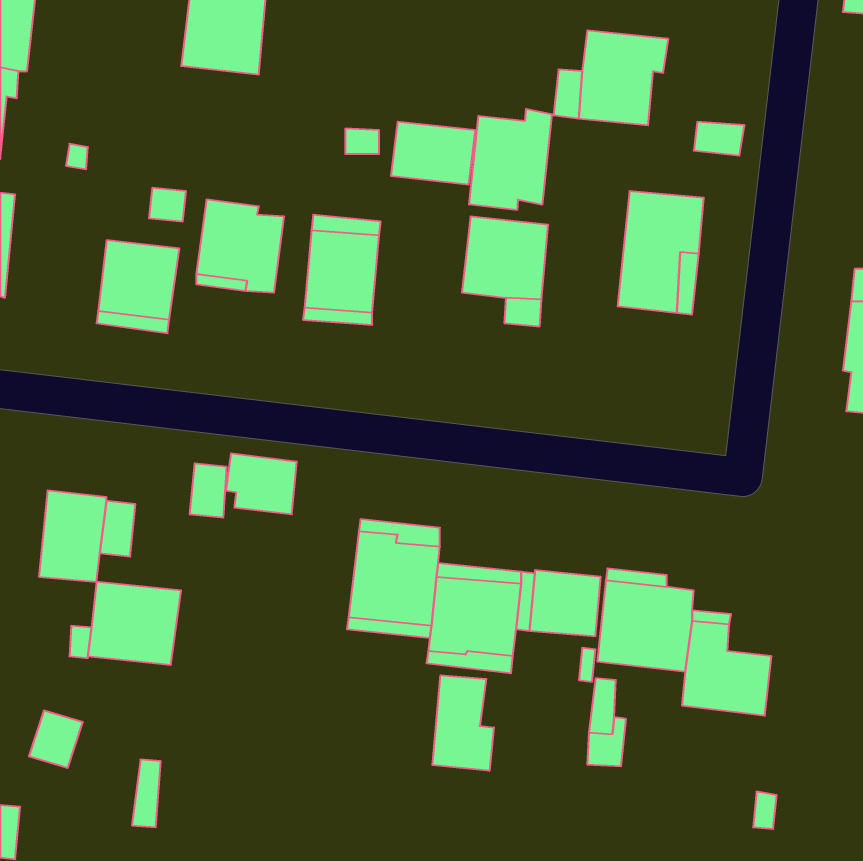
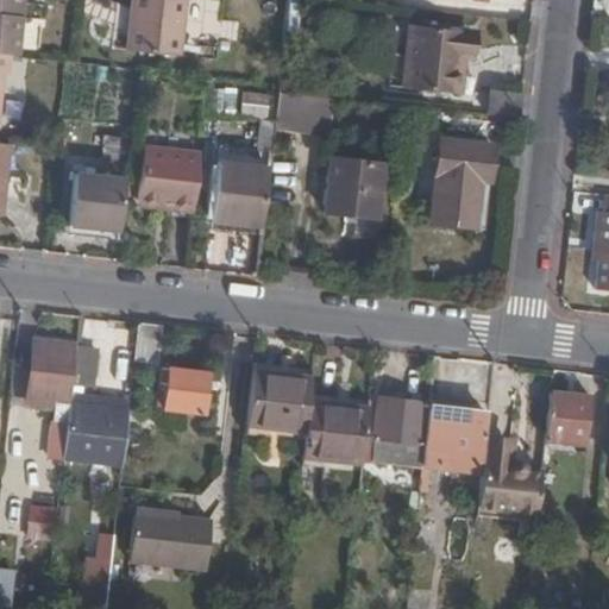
building: [469,109,552,210] -> none
building: [226,453,297,514] -> [158,369,208,412]
building: none -> [546,395,592,447]
building: [432,675,494,771] -> none
building: none -> [130,515,211,573]

